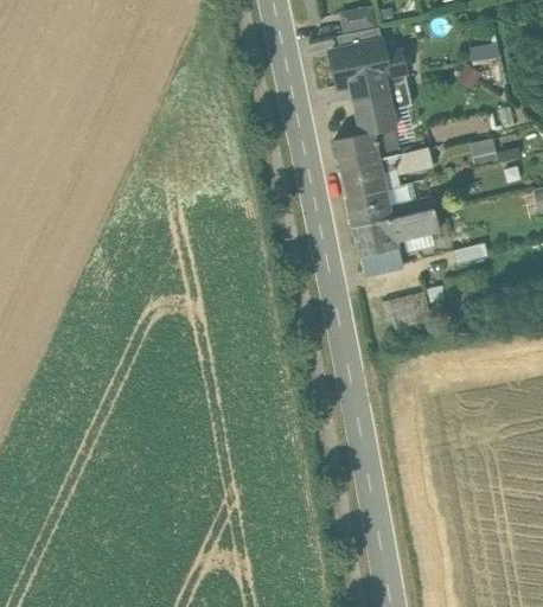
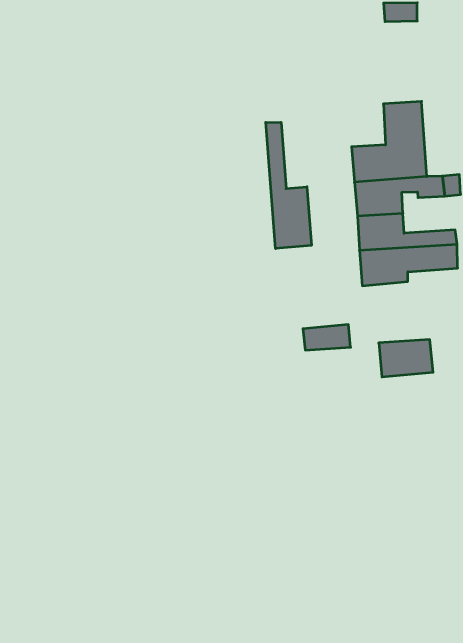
building: [330,41,407,92] -> none
building: none -> [266,122,311,249]
building: [360,247,403,274] -> [303,325,351,350]

